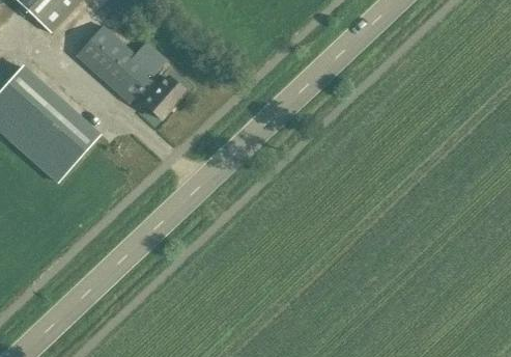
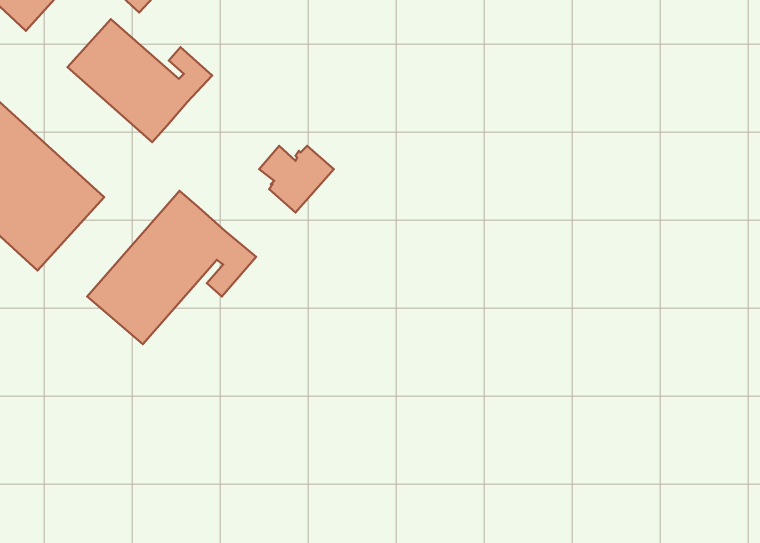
building: [139,76,186,117] -> [259,146,334,212]
building: none -> [87,191,256,344]

